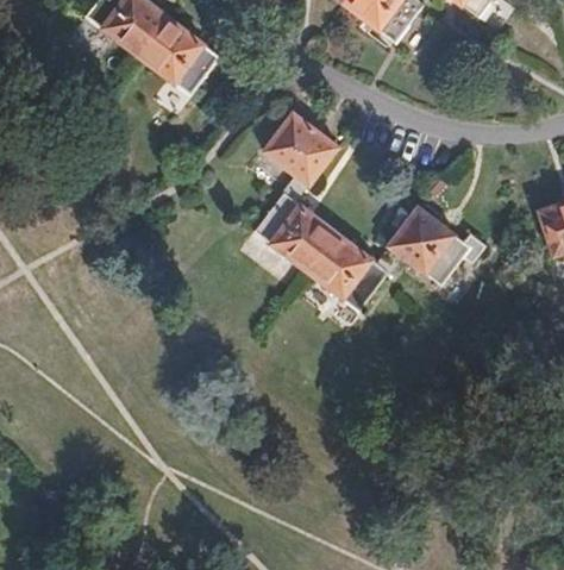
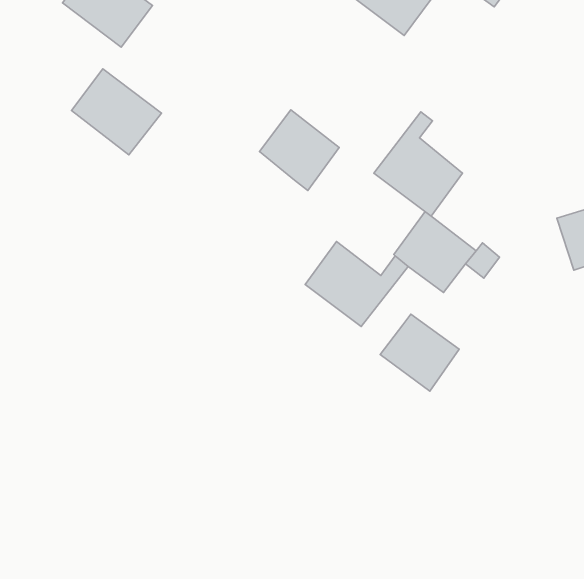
building: [139,17,221,95] -> [71,69,162,155]
building: [255,176,336,271] -> [374,112,463,216]
building: none -> [380,314,459,391]

